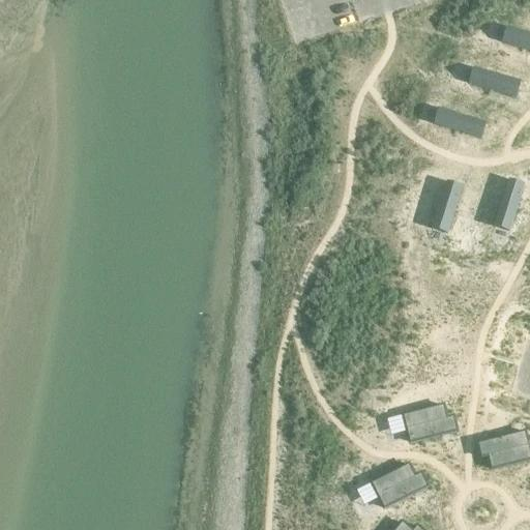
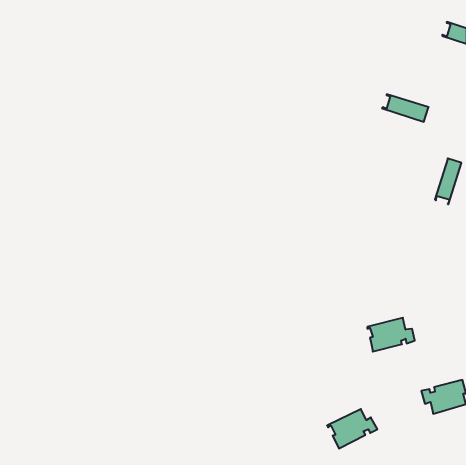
building: [469,65,521,96] -> none
building: [432,179,463,232] -> none
building: [404,404,458,442] -> [367,318,415,352]

